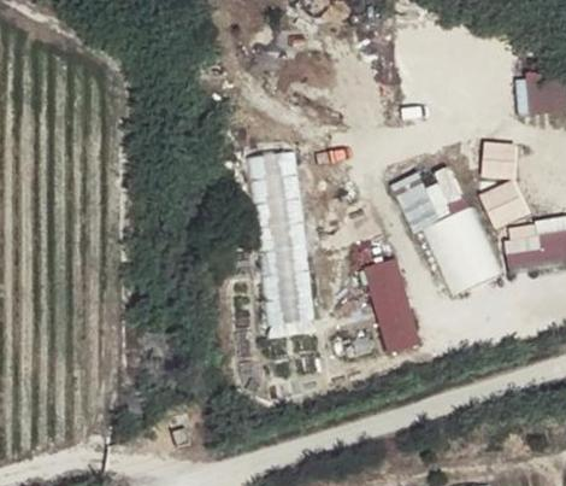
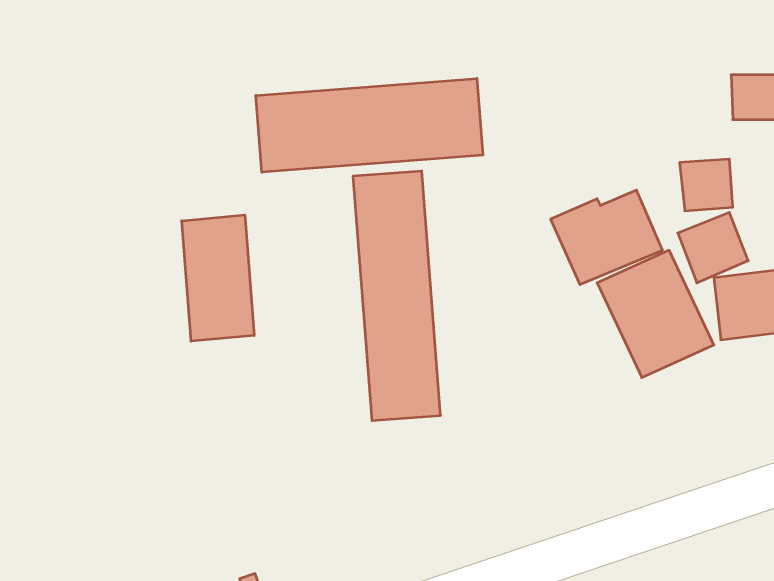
building: none -> [256,78,483,172]
building: none -> [182,215,254,341]
building: [361,257,421,355] -> none

